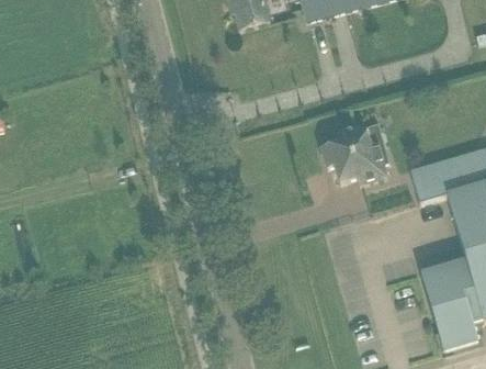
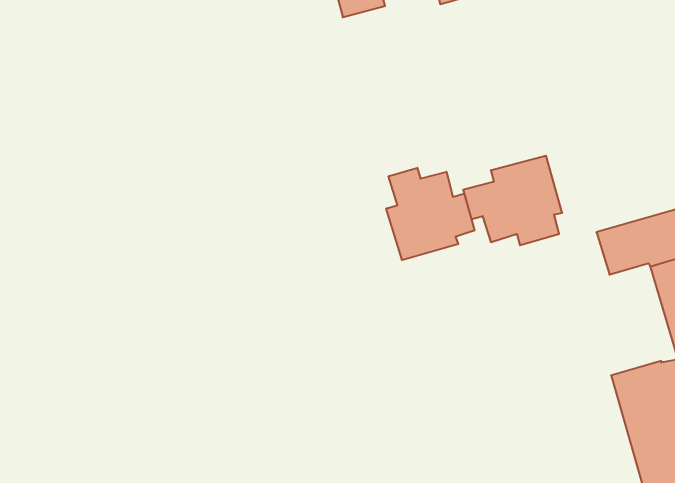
building: none -> [386,168,474,260]

